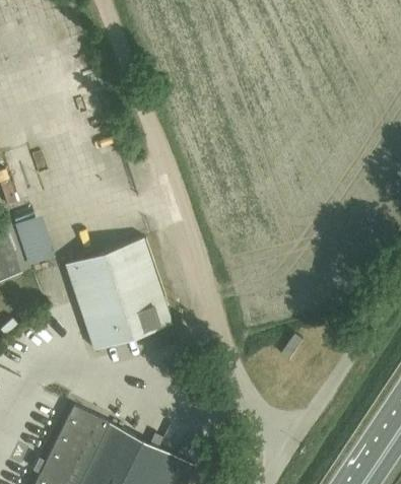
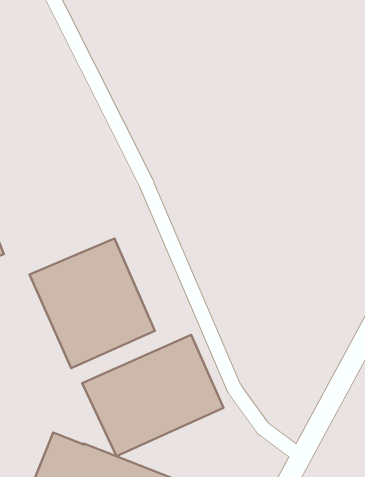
building: none -> [82,335,224,456]

